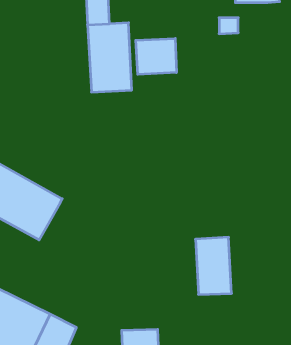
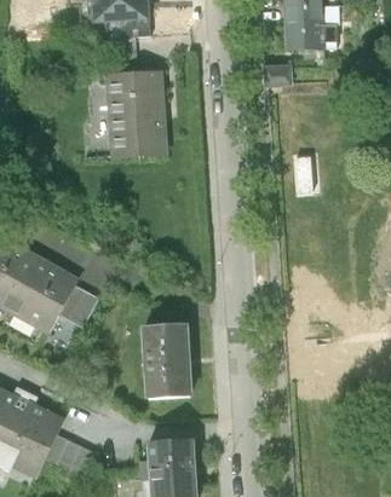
building: [136,38,176,74] -> none
building: none -> [61,287,98,326]
building: [195,237,232,294] -> [145,323,189,392]

